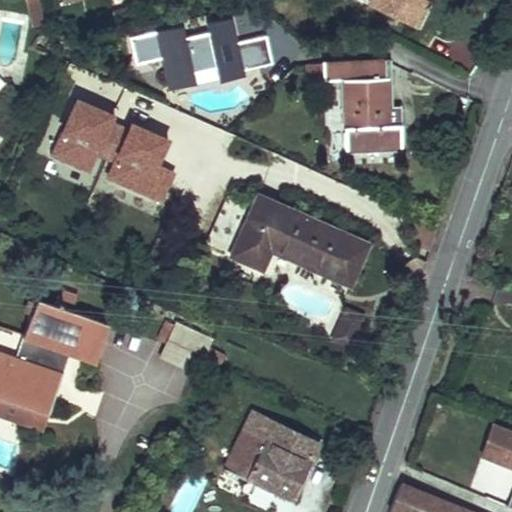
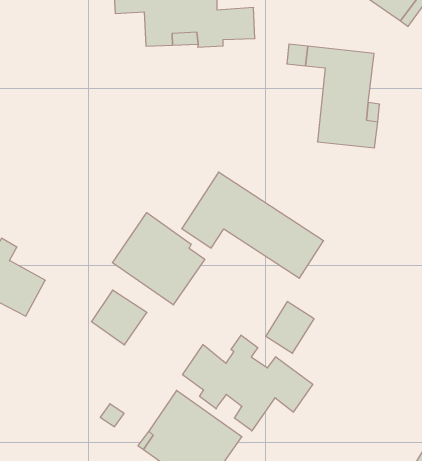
building: [53,100,173,202] -> none
building: none -> [112,213,205,305]
building: none -> [183,335,313,431]

